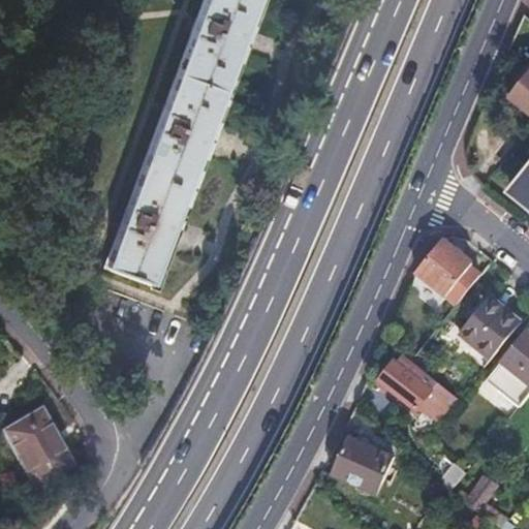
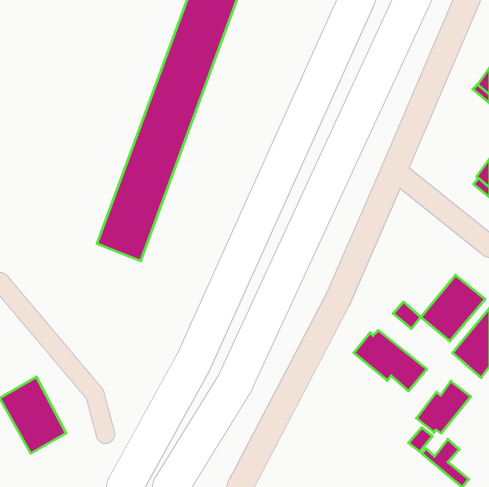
building: [421,243,479,302] -> none
building: none -> [416,381,471,433]
building: [334,435,397,493] -> none

